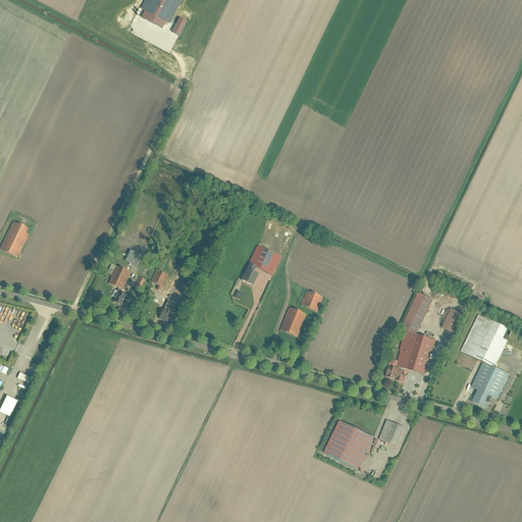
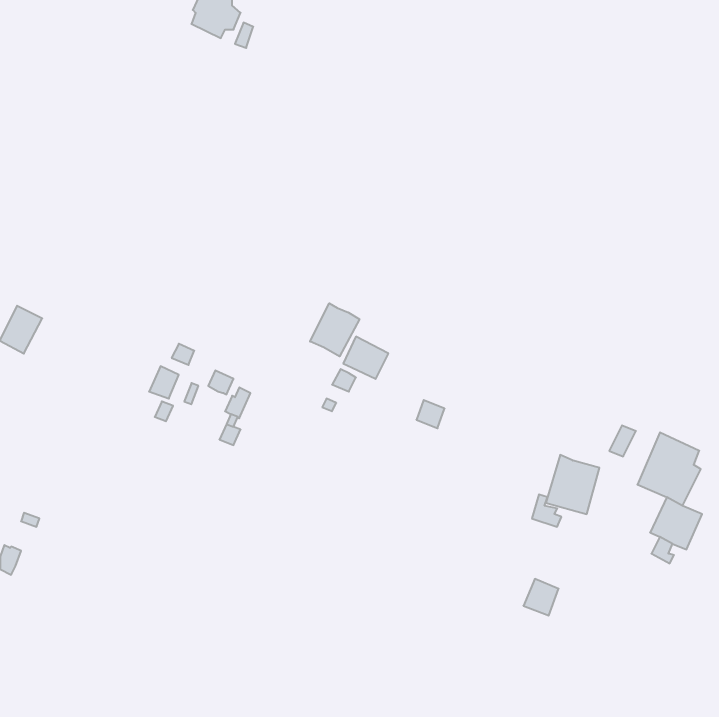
building: none -> [310,303,359,356]
building: [401,293,431,333] -> none
building: [280,307,306,335] -> none
building: [323,420,373,469] -> none

